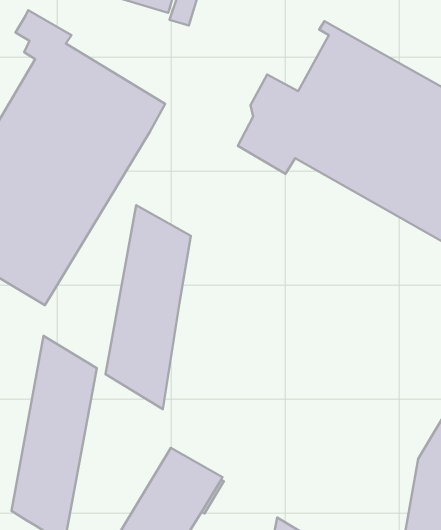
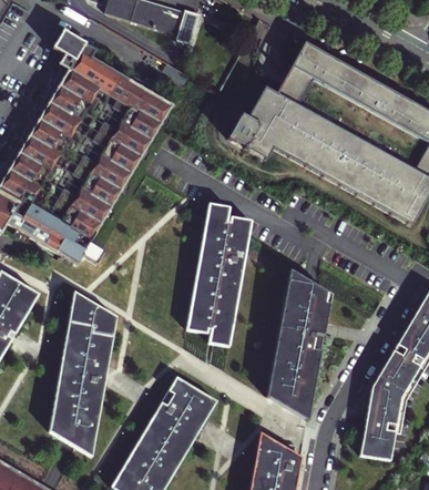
building: [106,205,191,409] -> [185,192,253,354]
building: none -> [267,269,333,419]

